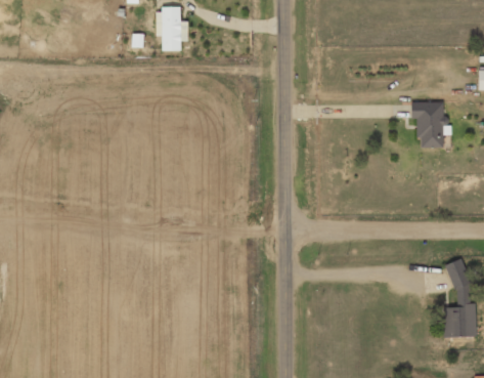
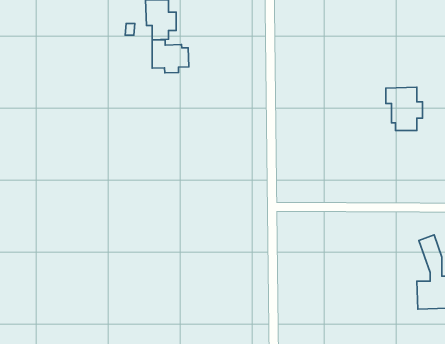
building: none -> [152,40,189,73]

